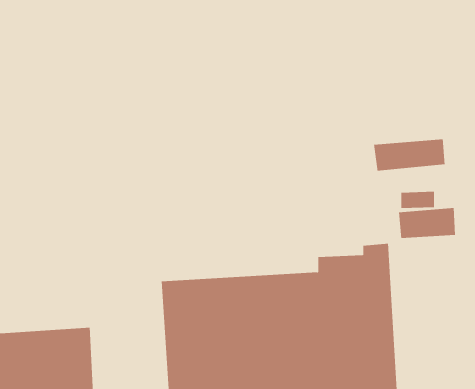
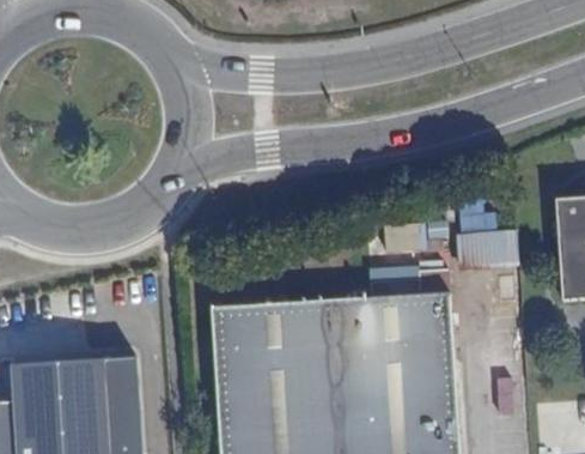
building: [374,139,445,172] -> none

